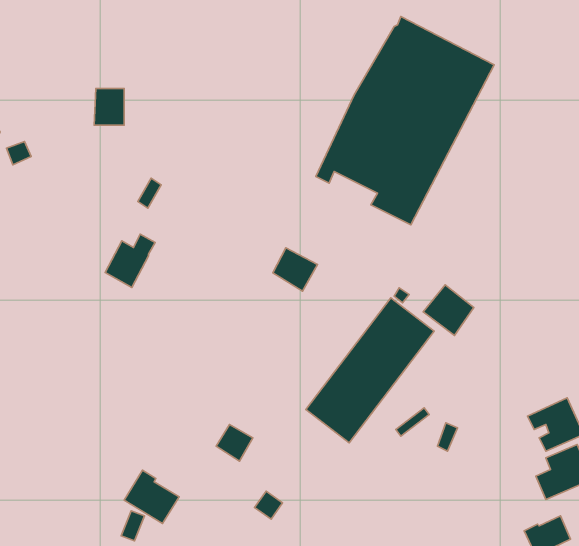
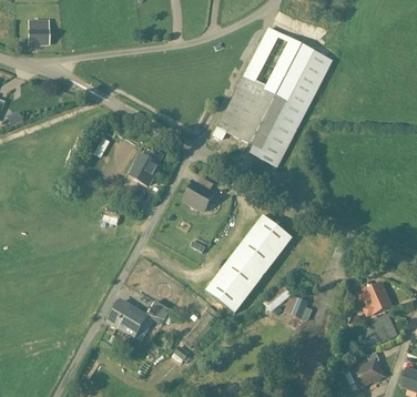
building: [94,88,124,125] -> [27,22,47,47]
building: [105,234,155,287] -> [130,150,163,185]
building: [423,285,474,336] -> none
building: [124,470,179,523] -> [109,301,145,336]

